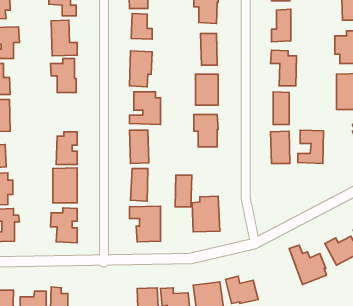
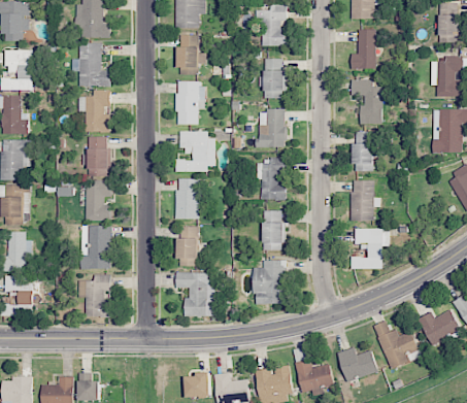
building: none -> [89,136,110,176]
building: [298,130,324,163] -> [352,228,383,269]
building: [175,175,192,207] -> [263,210,283,249]
building: none -> [337,346,378,381]

